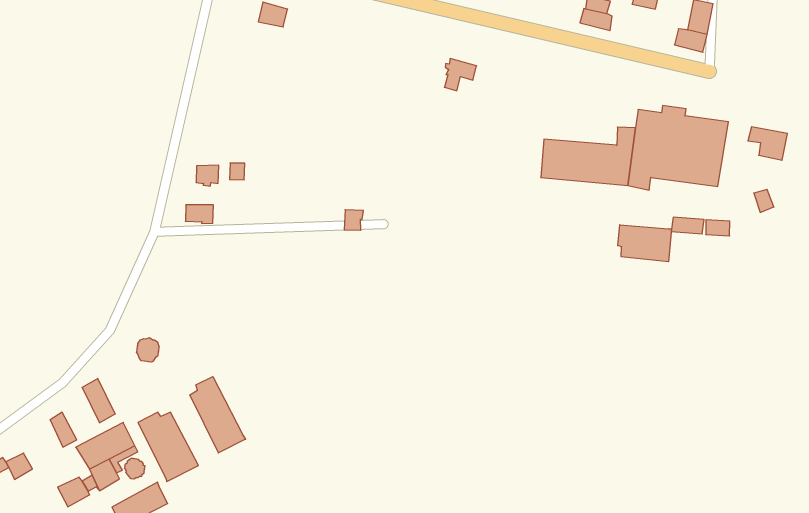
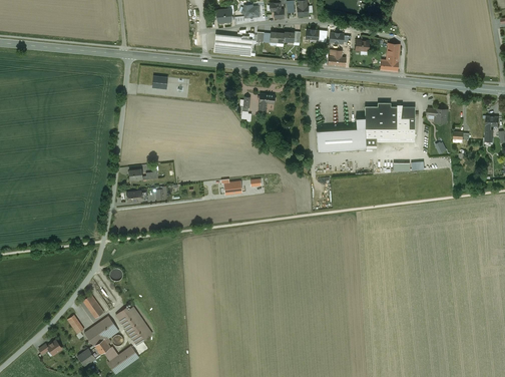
building: [618,225,672,262] -> none
building: [190,377,246,453] -> none

